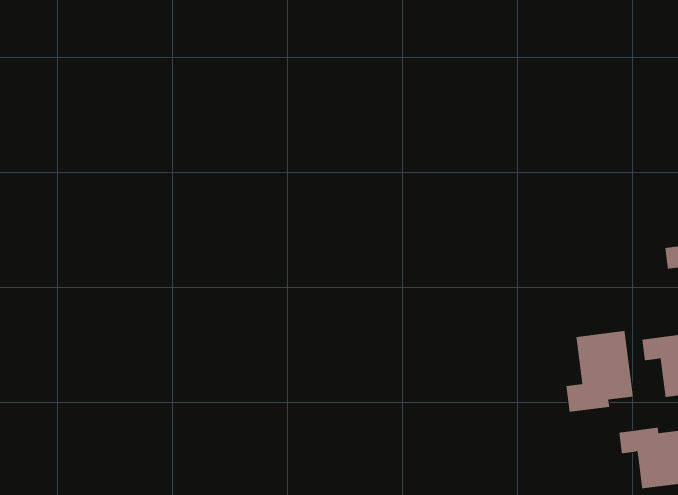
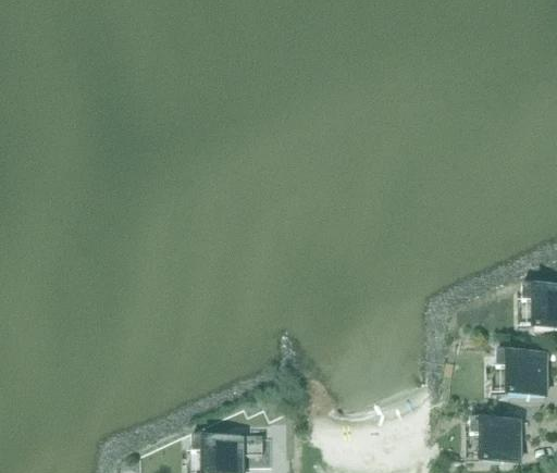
building: [566,330,633,413] -> none

